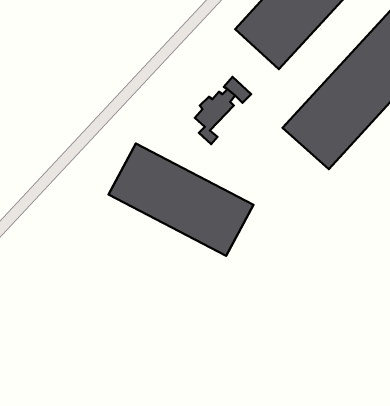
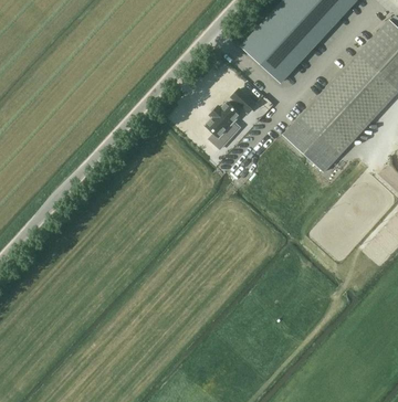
building: [109,144,253,256] -> none

